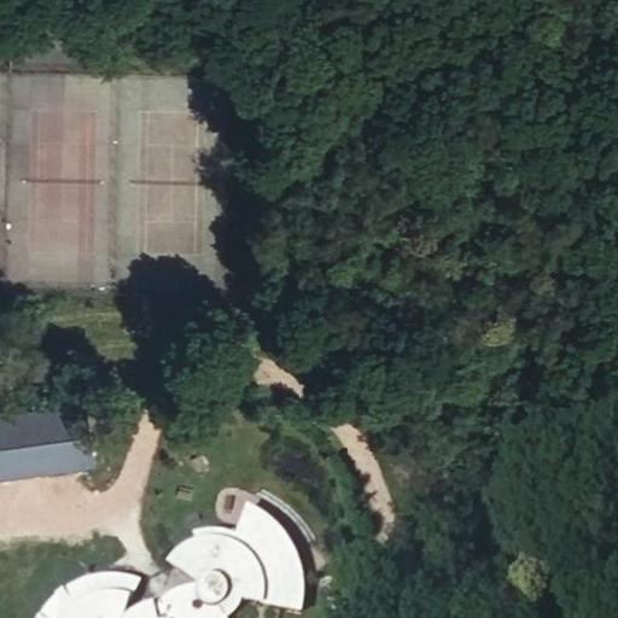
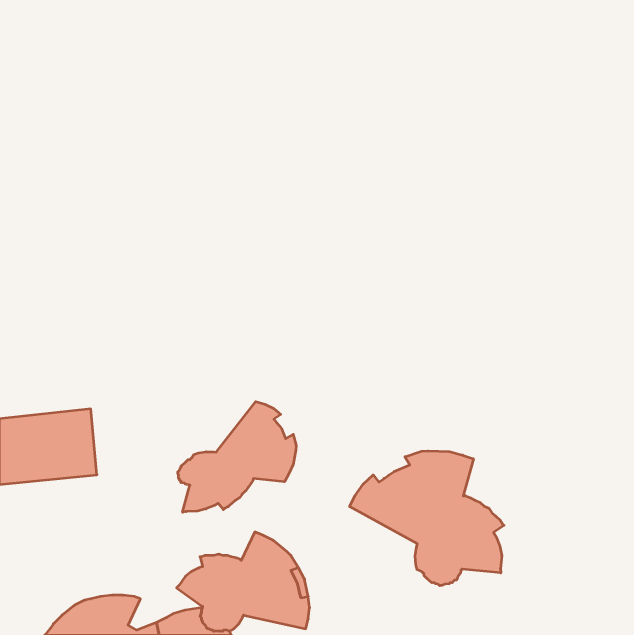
building: none -> [178,402,296,512]
building: none -> [350,451,504,586]

